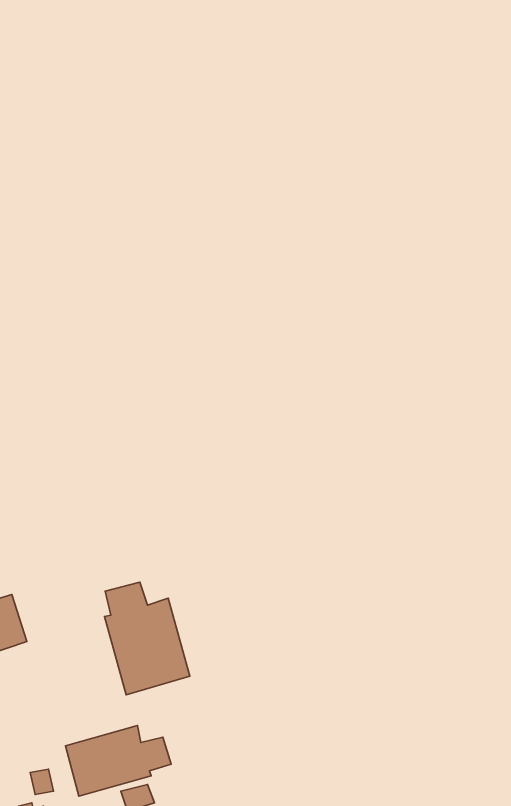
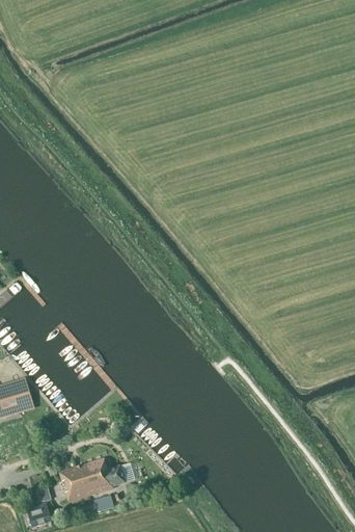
building: [104,582,190,695] -> none

